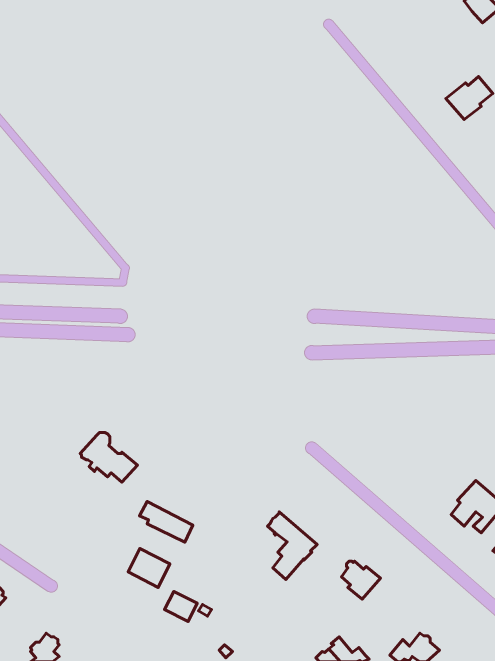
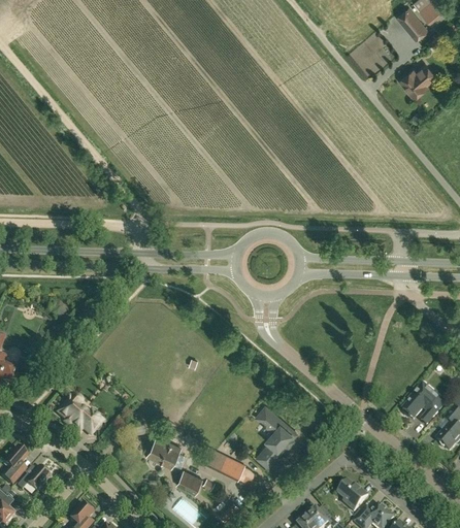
building: none -> [397,8,427,40]
building: [80,433,137,482] -> [58,396,103,435]
building: [139,502,193,542] -> [202,449,244,481]
building: [341,561,380,599] -> [337,482,368,512]

